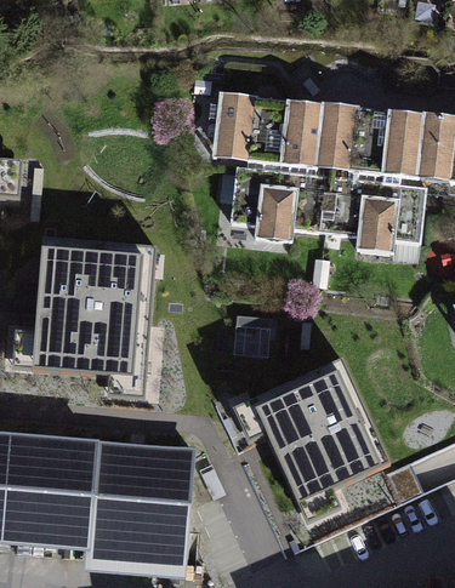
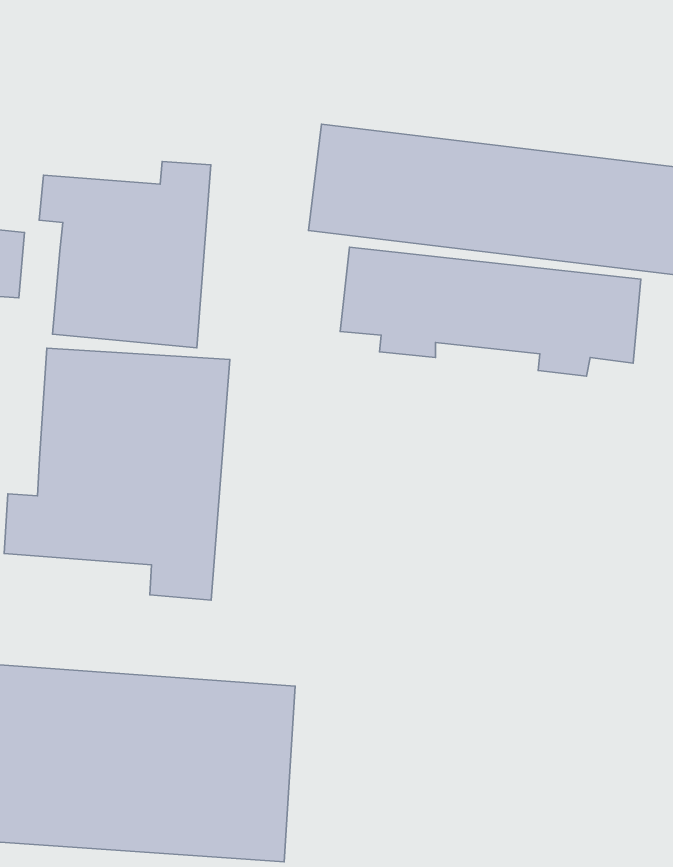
building: none -> [39,162,211,348]
building: [227,354,387,524] -> none

